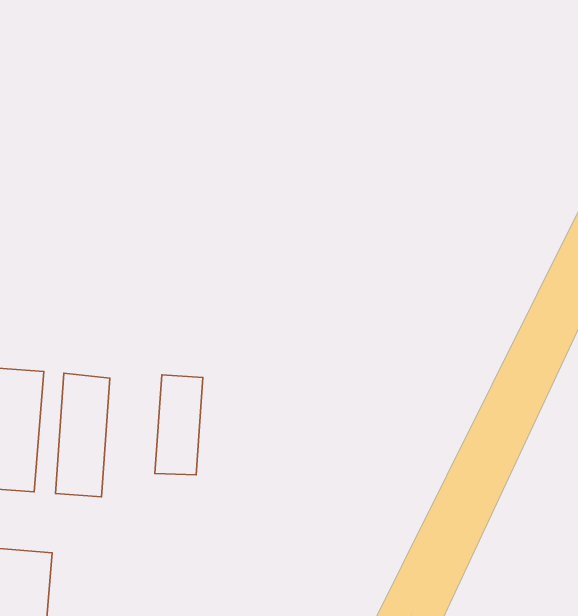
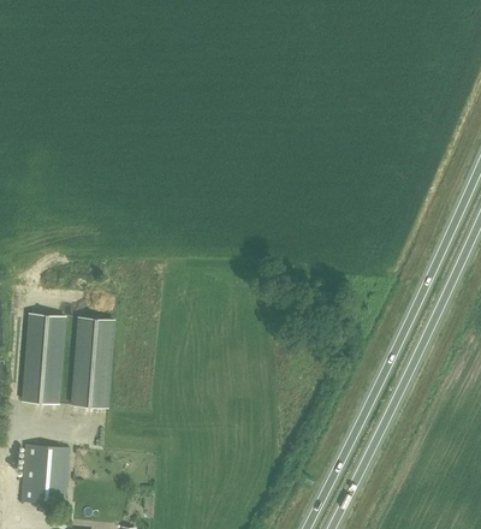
building: [155,375,203,475] -> none

